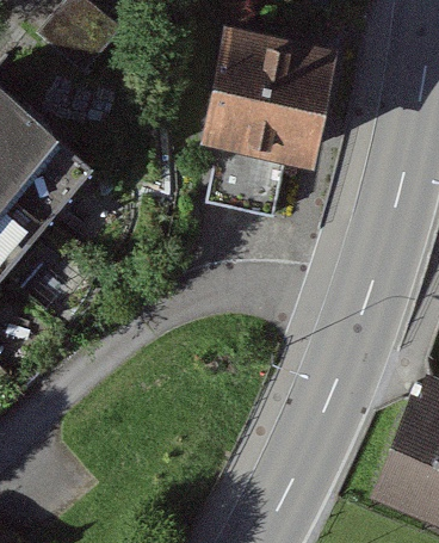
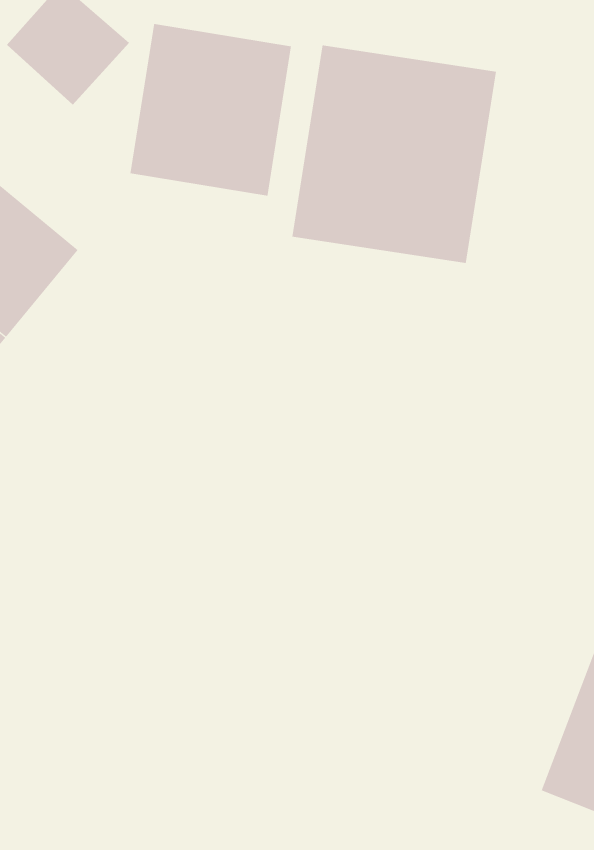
building: none -> [130,23,292,196]

